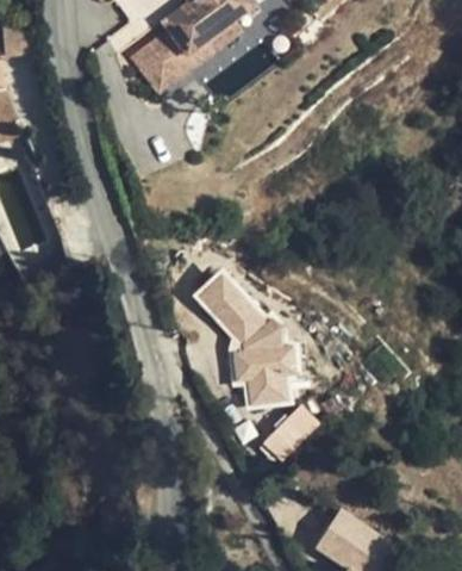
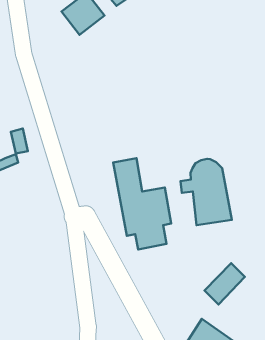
building: none -> [180,159,232,225]
building: [261,403,320,464] -> [205,263,245,304]

